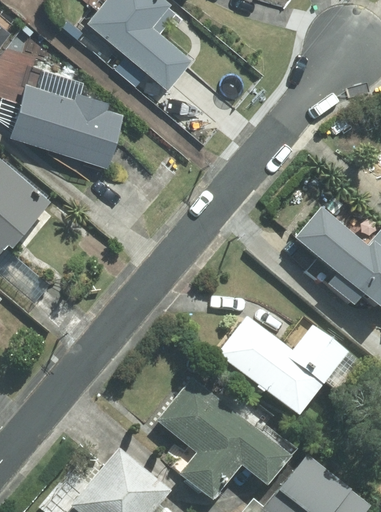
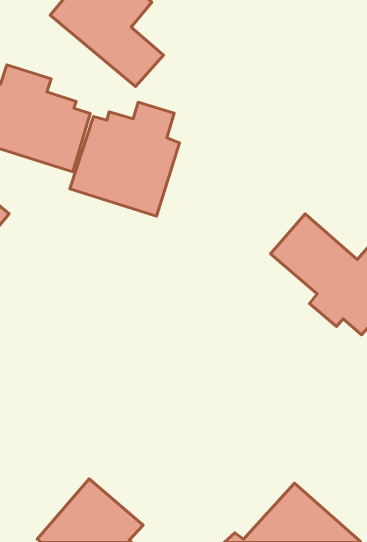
building: none -> [70,102,180,216]
building: [216,317,344,418] -> none
building: [158,378,289,503] -> none

